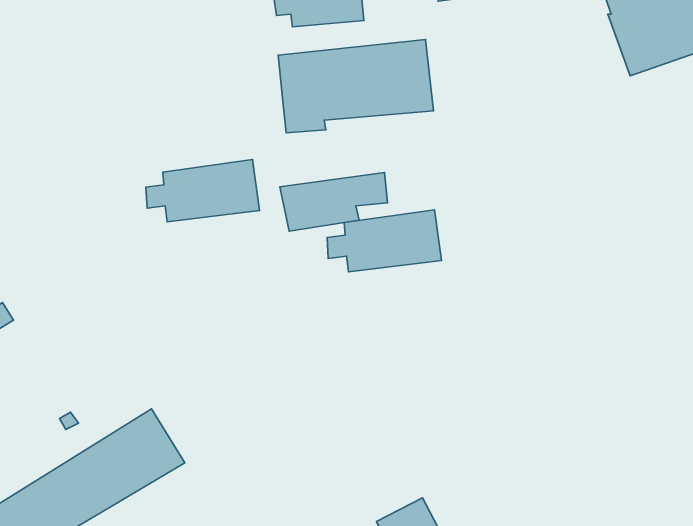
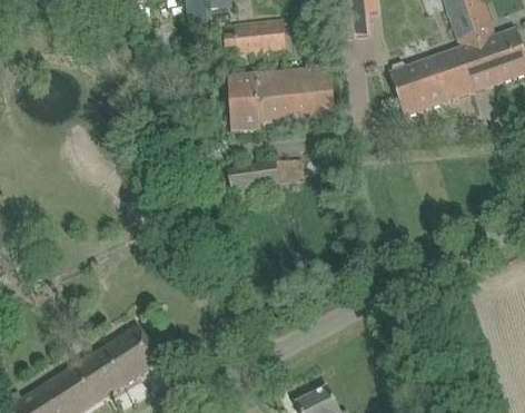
building: none -> [388,48,473,116]
building: [146,159,259,222] -> none
building: [327,210,442,272] -> none

